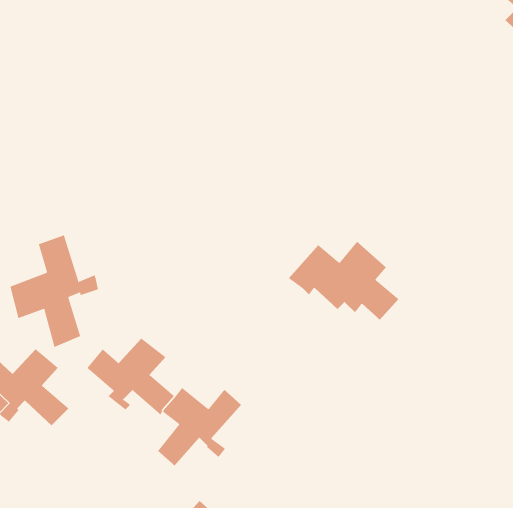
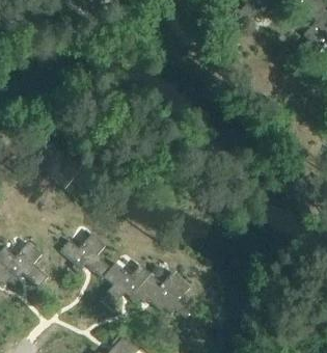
building: [10,234,98,348] -> none
building: [288,241,399,320] -> [132,271,197,318]

